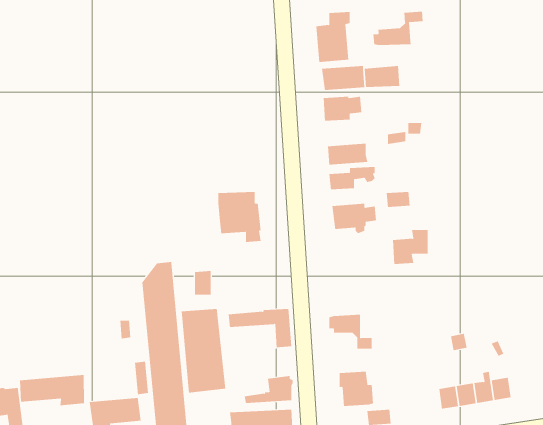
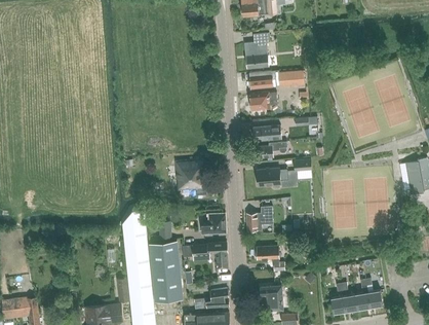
building: [373,11,423,46] -> none
building: [392,229,429,265] -> [246,207,272,231]
building: none -> [202,214,225,233]
building: [20,374,85,406] -> none

